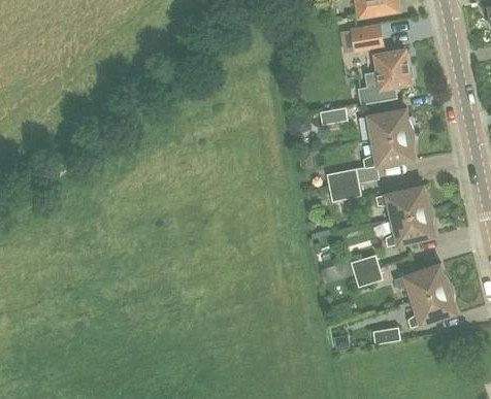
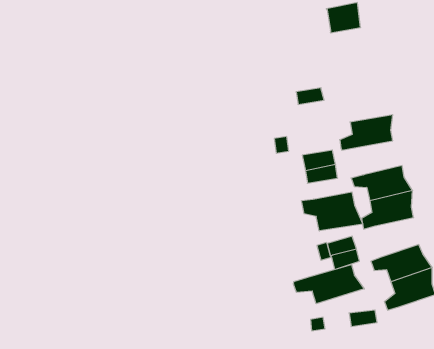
building: [358,48,411,103] -> none
building: [367,108,415,141] -> none
building: none -> [302,192,363,231]
building: none -> [294,265,364,304]

